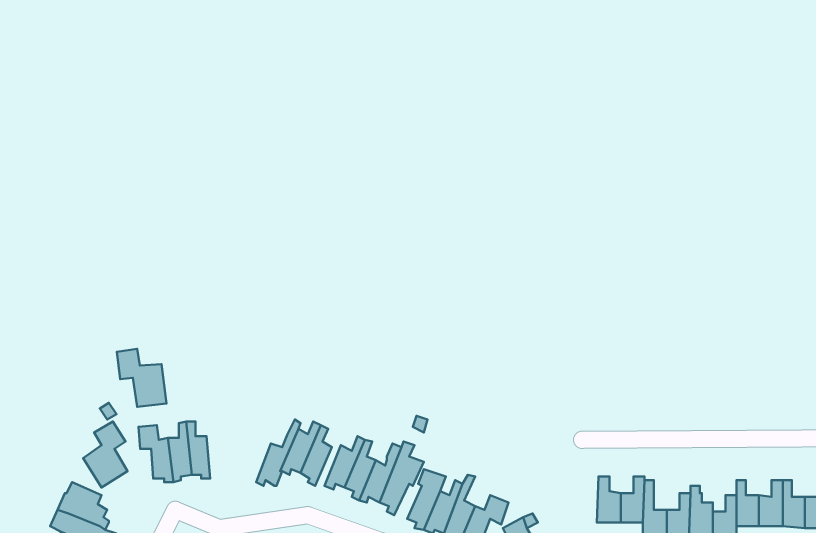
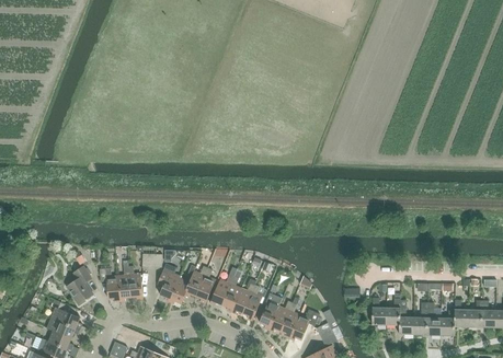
building: [117,349,166,407] -> none
building: none -> [157,263,180,301]

